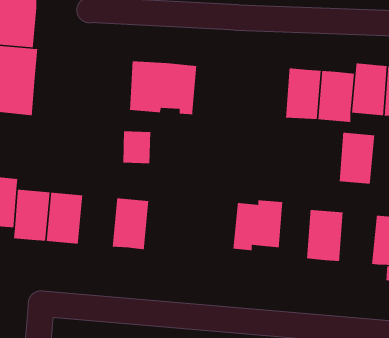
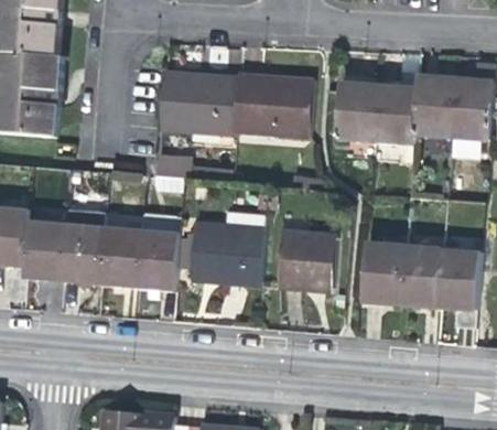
building: none -> [231,74,310,136]
building: [339,132,375,185] -> [400,247,442,308]
building: none -> [193,224,266,288]
building: none -> [99,227,143,288]

